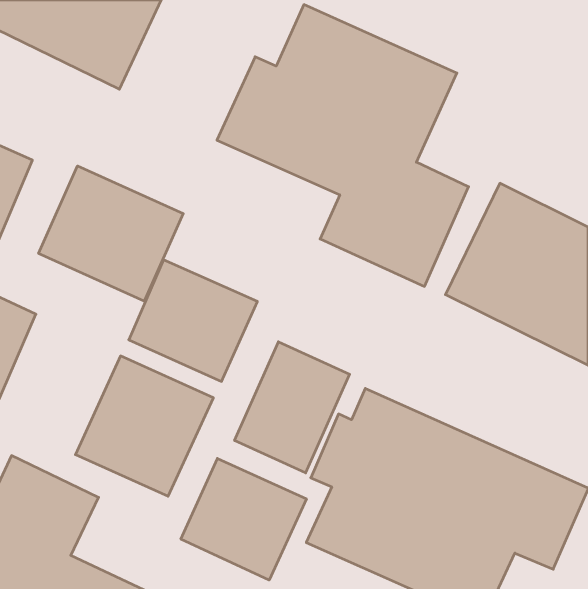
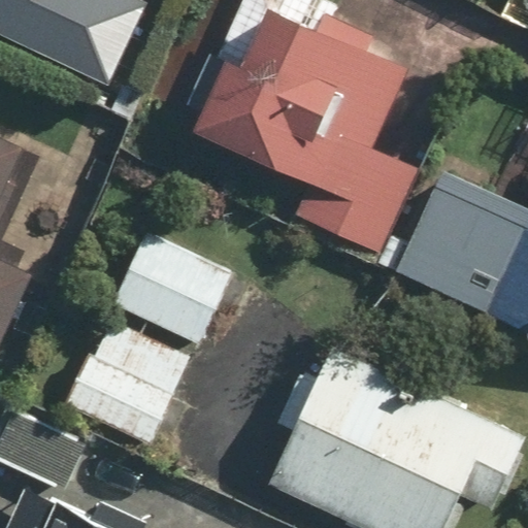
building: [39,166,183,301] -> none
building: [235,342,350,473] -> none
building: [181,458,306,580] -> none

